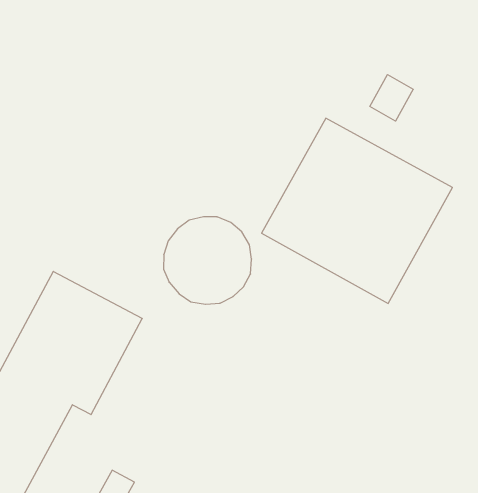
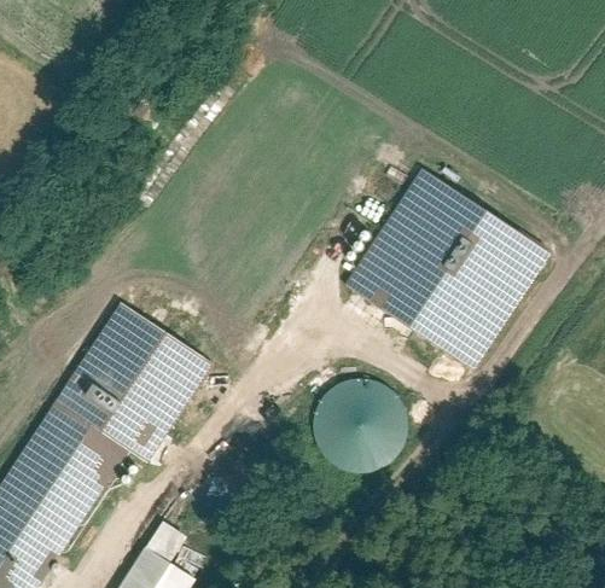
building: [370,75,413,121] -> none
building: [164,217,252,304] -> [313,377,408,471]

